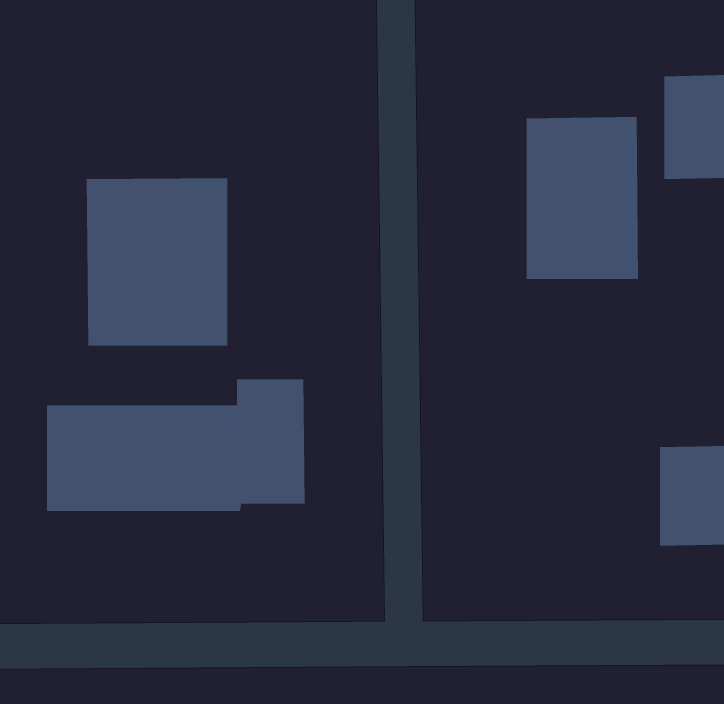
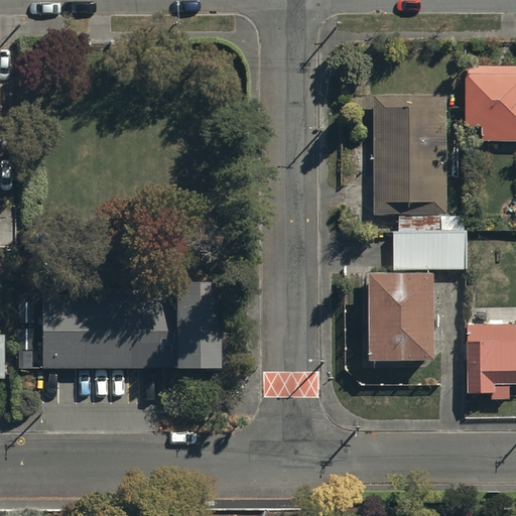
building: [86,178,228,347] -> none
building: none -> [369,238,463,355]

